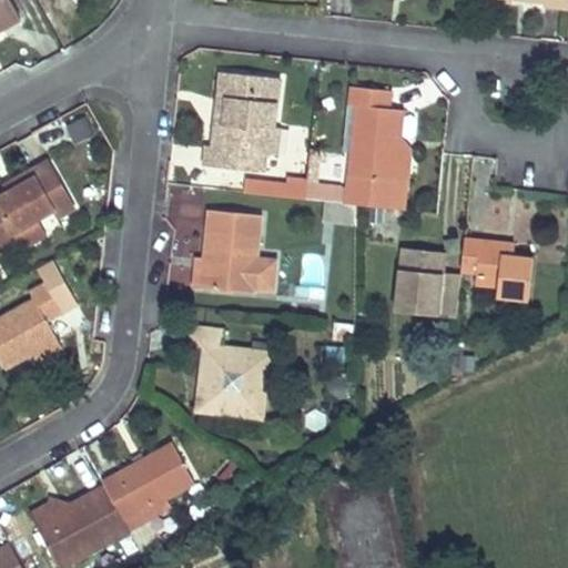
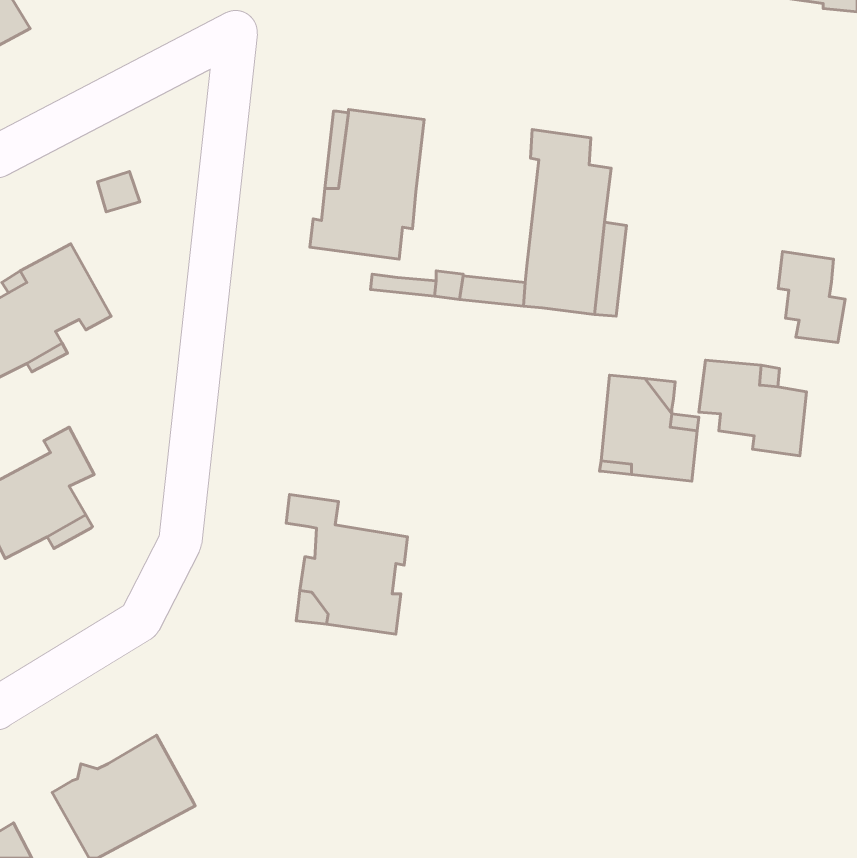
building: none -> [778,251,845,343]
building: [202,210,262,293] -> none
building: [101,443,193,529] -> none

